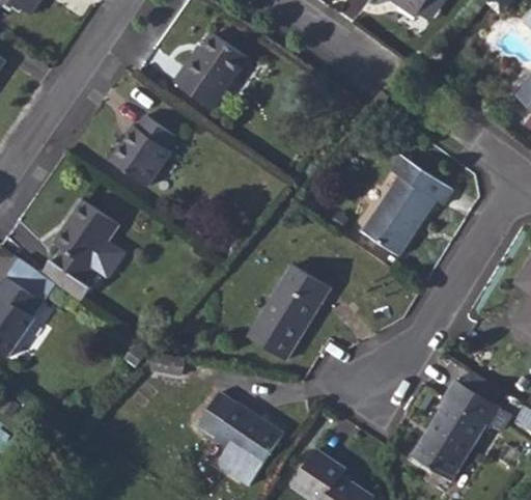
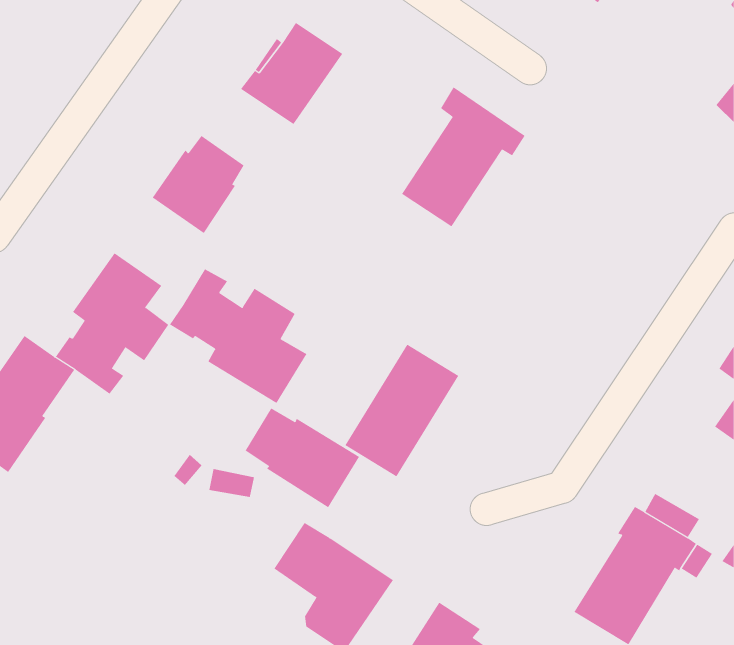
building: [362,155,451,255] -> [401,87,526,227]
building: none -> [169,268,307,404]
building: none -> [245,408,360,508]

